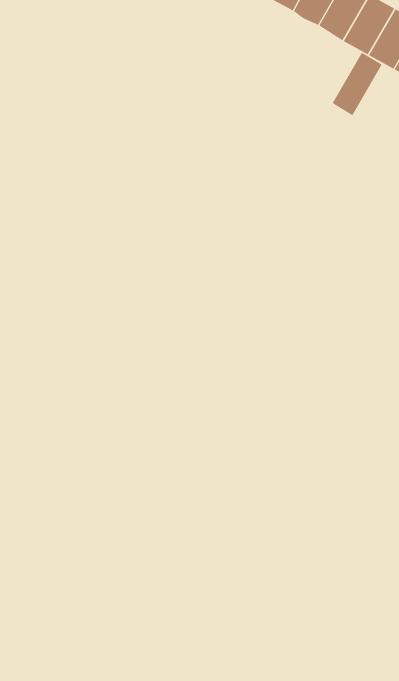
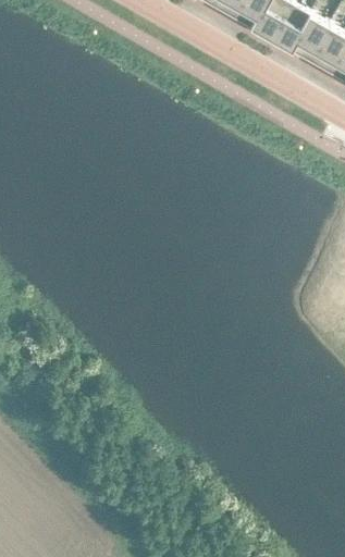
building: [332,52,383,116] -> none

